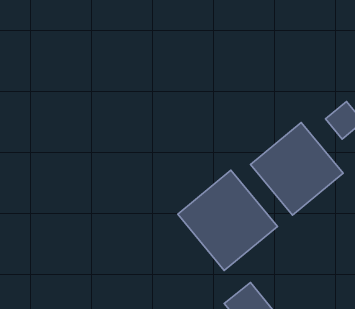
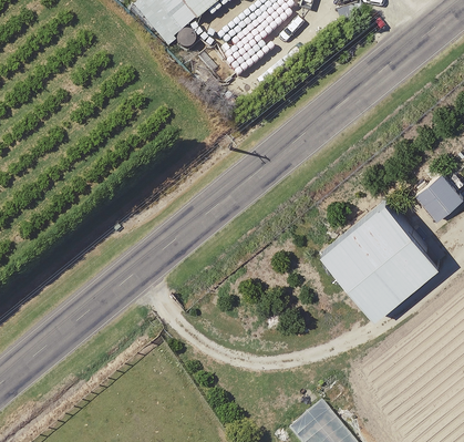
building: [178,170,277,271] -> none

